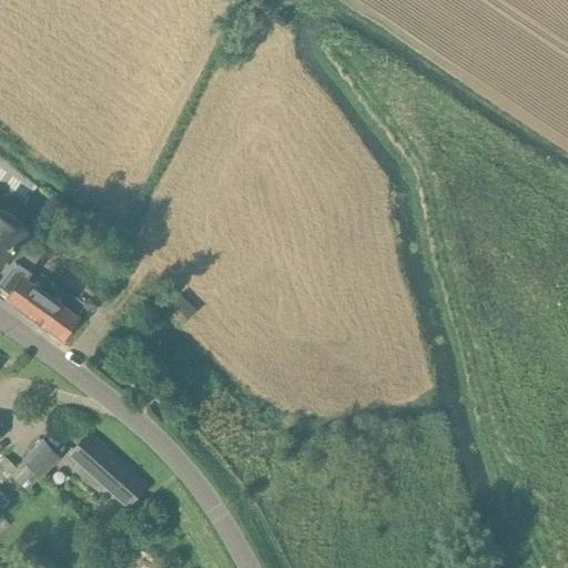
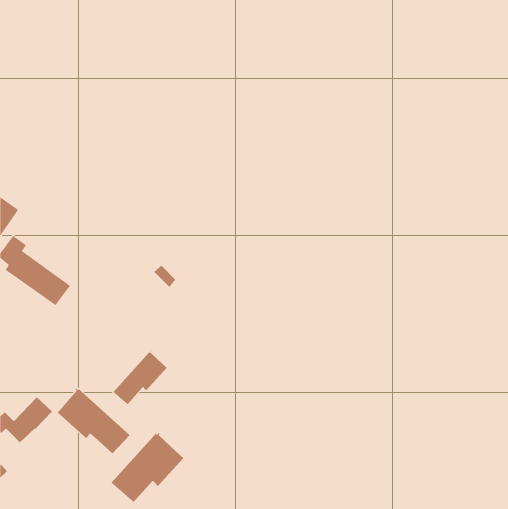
building: none -> [112,351,167,405]
building: none -> [111,432,184,503]

